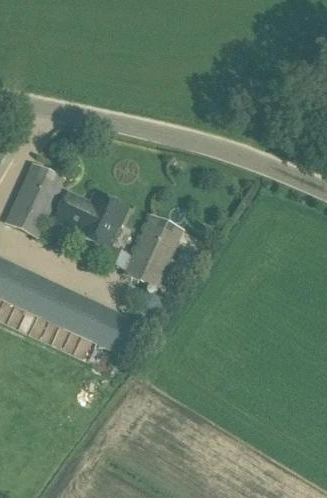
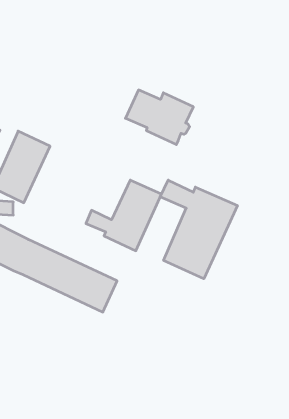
building: [53,190,125,248] -> [125,90,193,145]
building: none -> [160,180,237,279]

